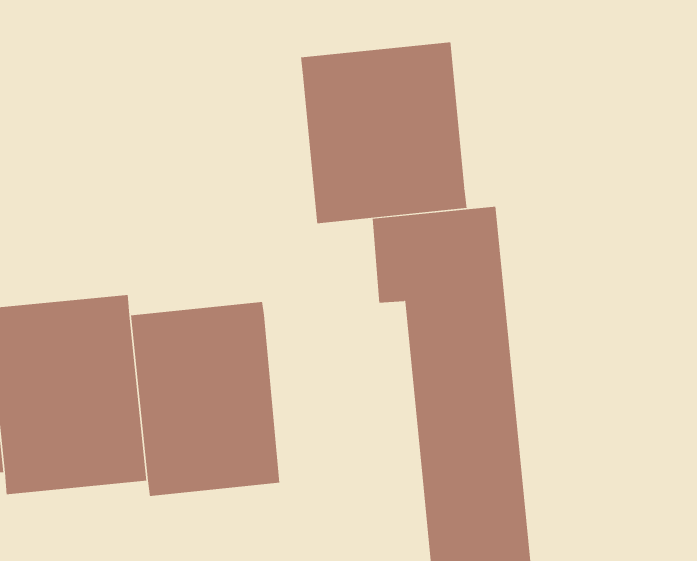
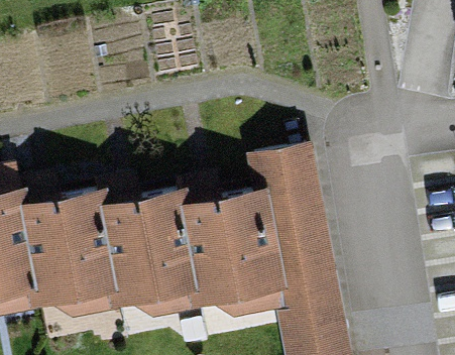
building: [300,41,467,224] -> none
building: none -> [183,199,274,310]

